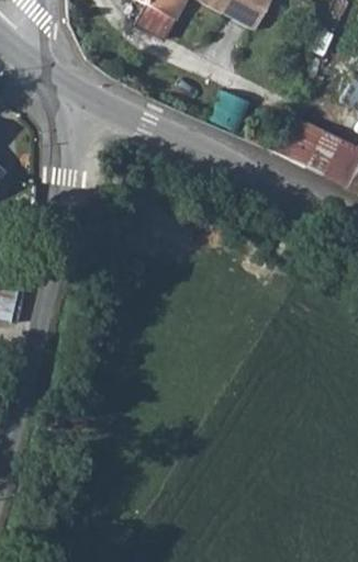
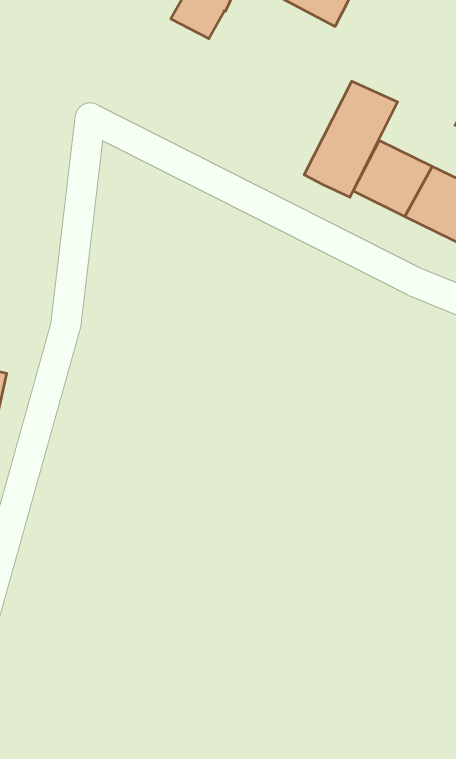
building: none -> [304,81,398,197]

